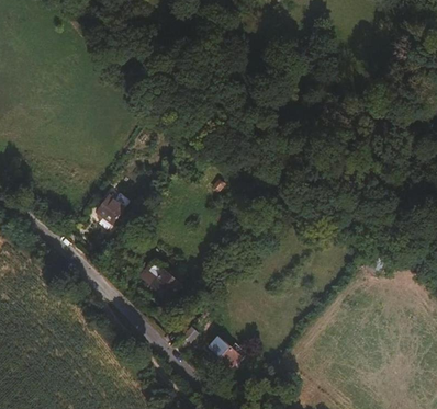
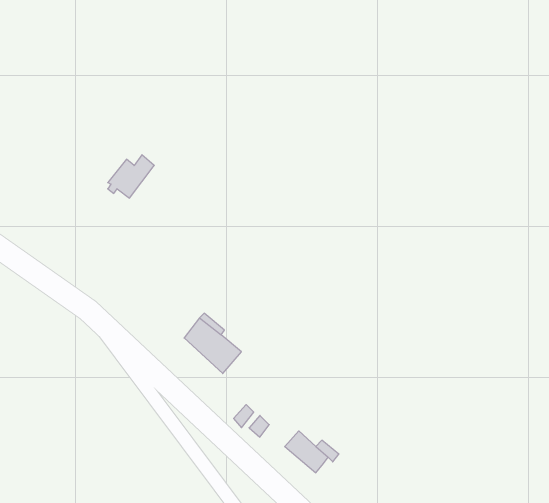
building: [93,194,126,225] -> [108,155,154,198]

